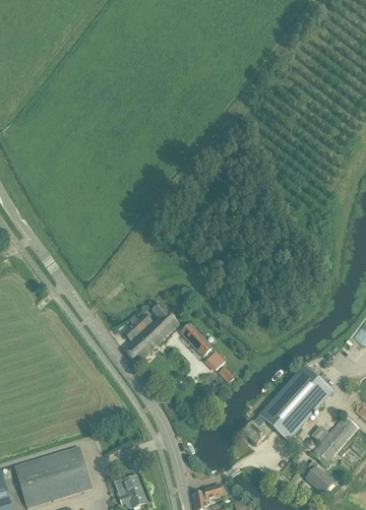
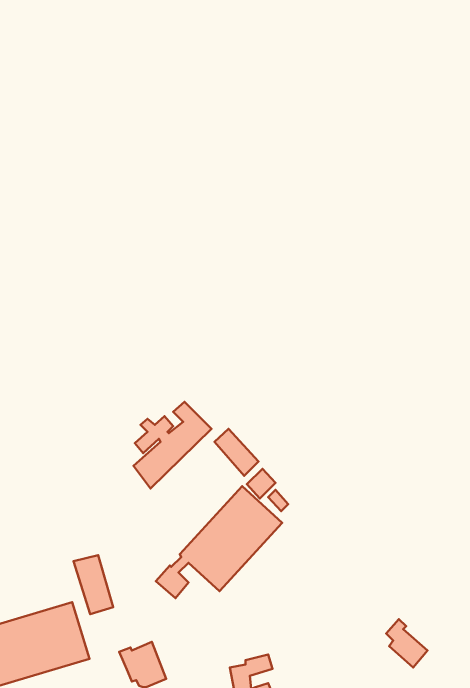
building: [242,365,332,445] -> [156,486,282,598]
building: none -> [74,555,113,614]
building: [311,415,359,464] -> none

